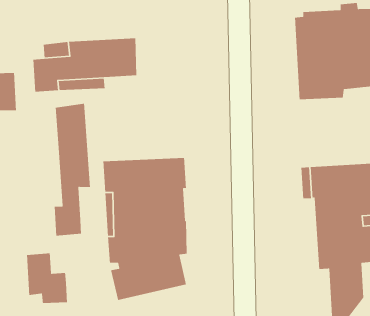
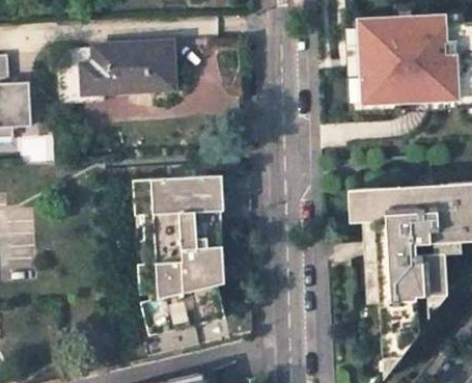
building: [54,103,91,237] -> none
building: [26,252,68,304] -> none

